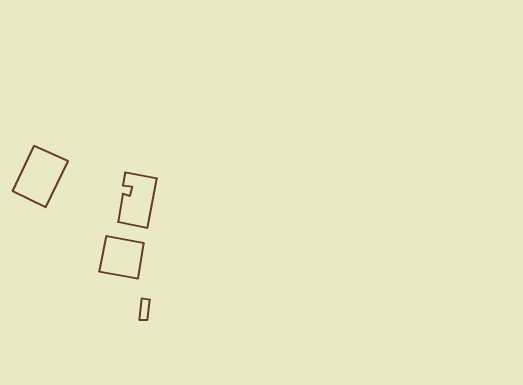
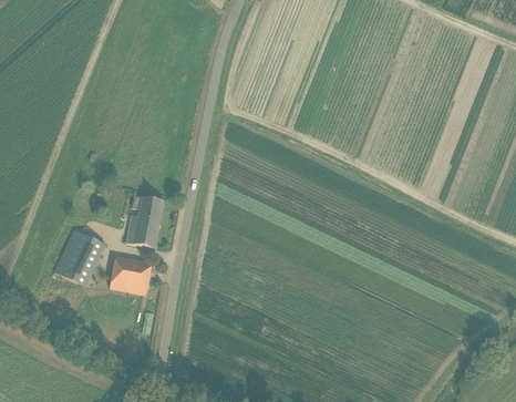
building: [13,146,68,207] -> [53,229,105,287]

